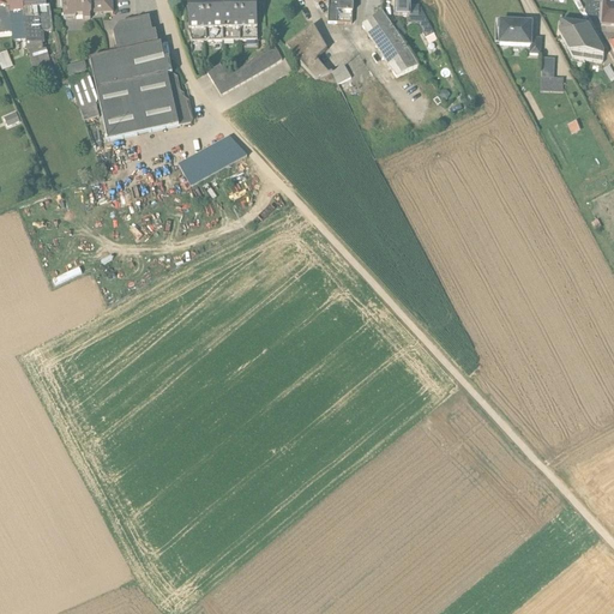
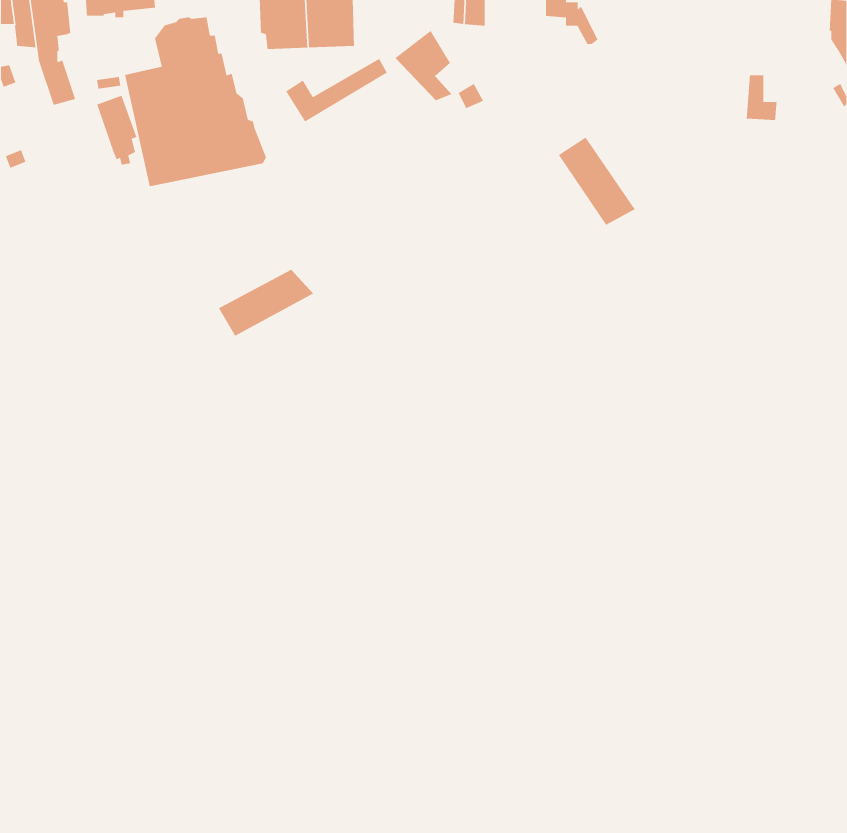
building: [361,8,417,73] -> [558,137,636,226]
building: [558,17,603,58] -> none
building: [499,18,541,50] -> none
building: [177,134,247,183] -> [218,269,314,337]

